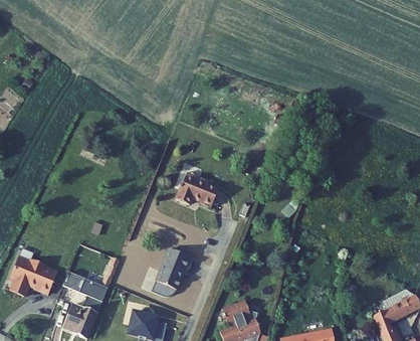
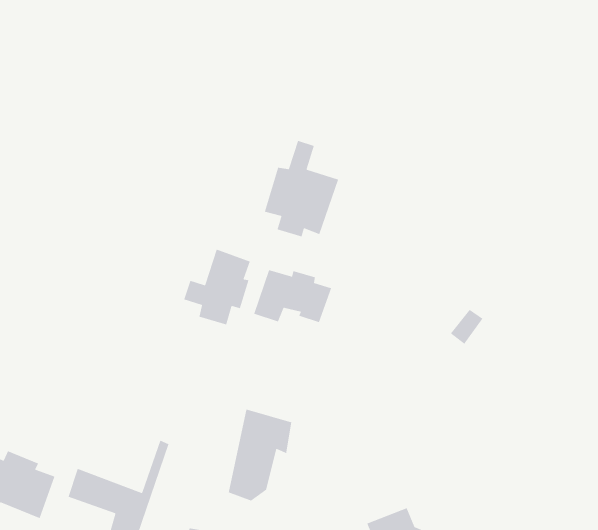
building: none -> [264,140,339,238]
building: none -> [183,248,251,325]

